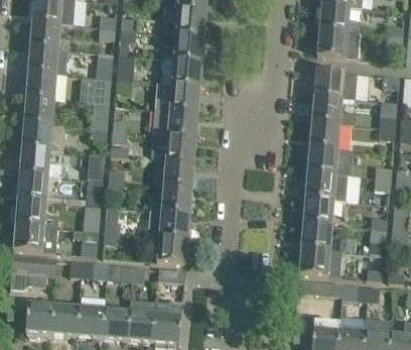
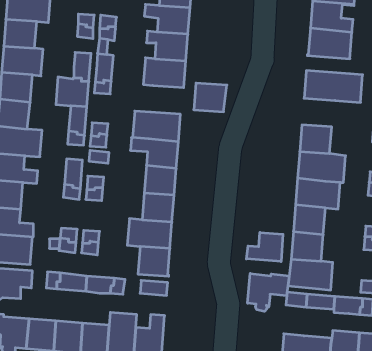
building: [169,83,200,110] -> [194,83,227,112]
building: [312,95,356,123] -> none
building: none -> [246,232,283,262]
building: none -> [248,273,289,311]

